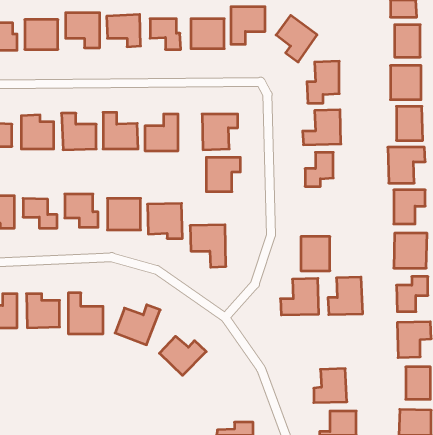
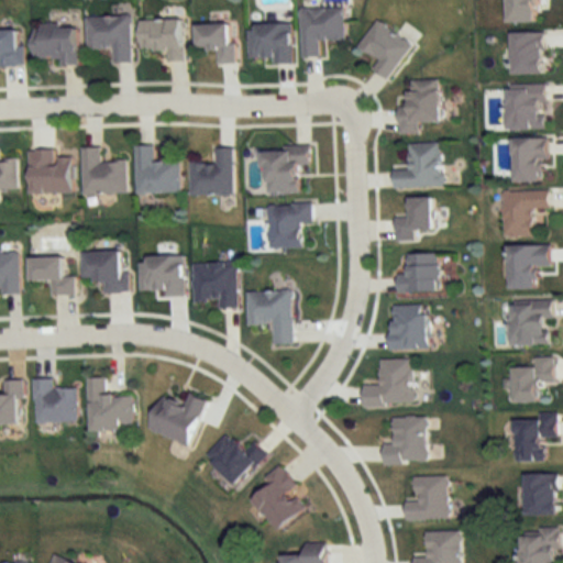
building: none -> [396,254,438,292]
building: [328,277,363,315] -> [382,417,427,465]
building: none -> [252,465,303,531]

